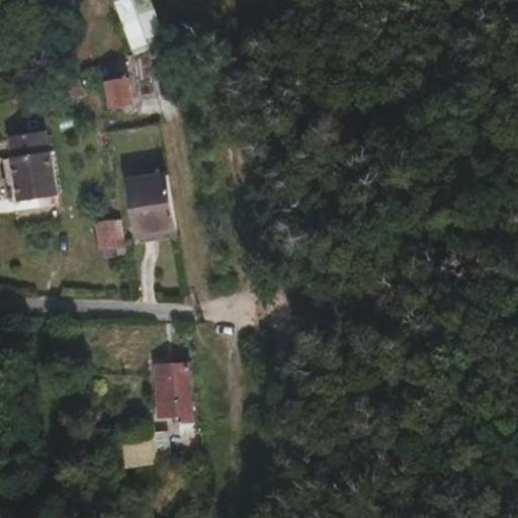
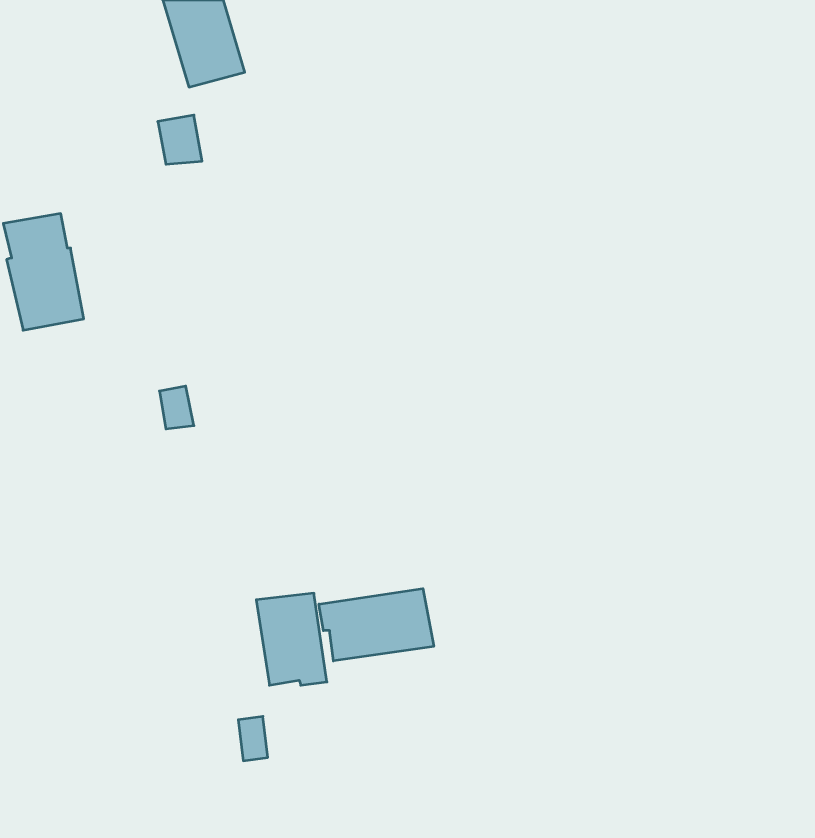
building: [124,167,172,230] -> none
building: none -> [319,589,434,661]

